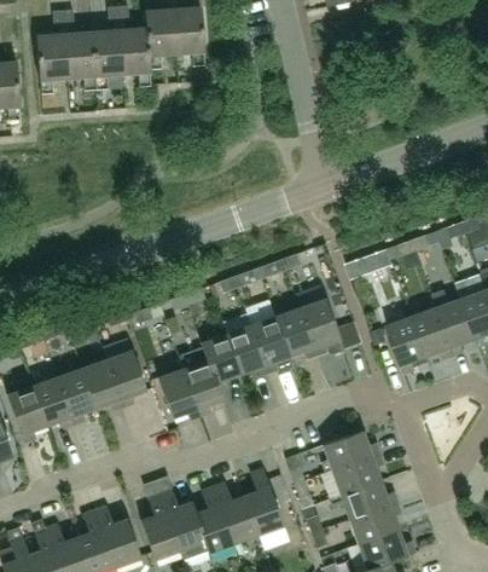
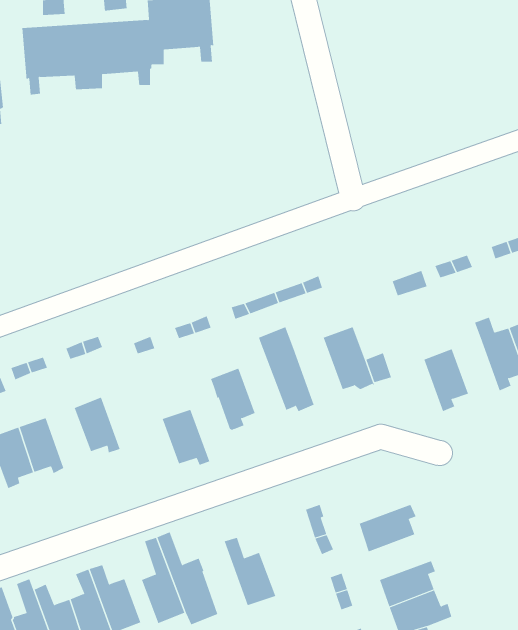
building: [274,307,316,357] -> none
building: [413,307,454,358] -> none
building: [220,311,267,375] -> none
building: [105,349,145,405] -> none
building: [179,349,225,416] -> none
building: [57,369,95,422] -> none
building: [320,431,377,473] -> none
building: [244,468,284,535] -> none
building: [339,480,395,520] -> none
building: [194,486,233,553] -> none

